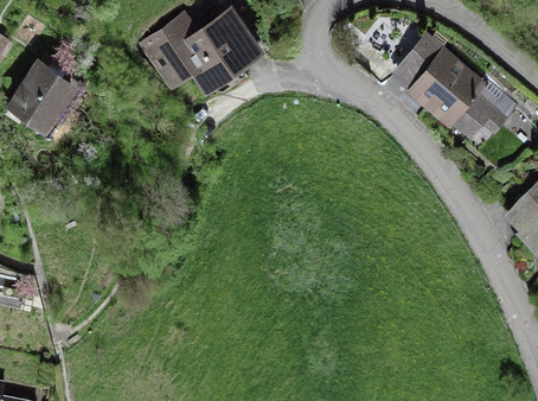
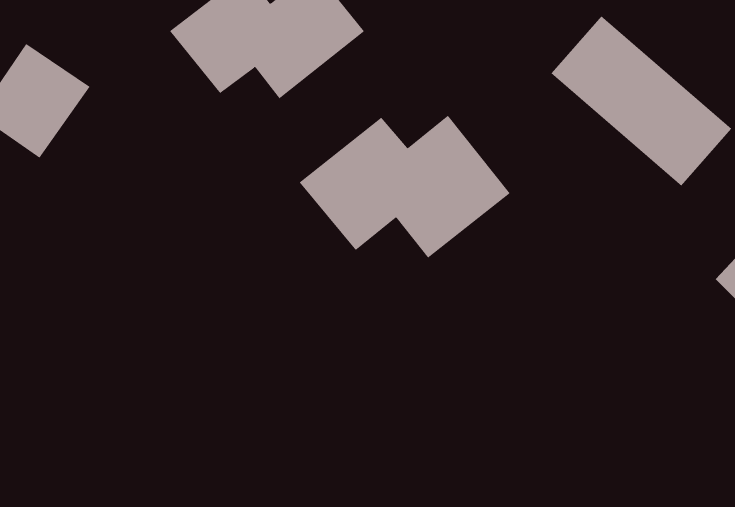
building: none -> [299,115,511,259]

